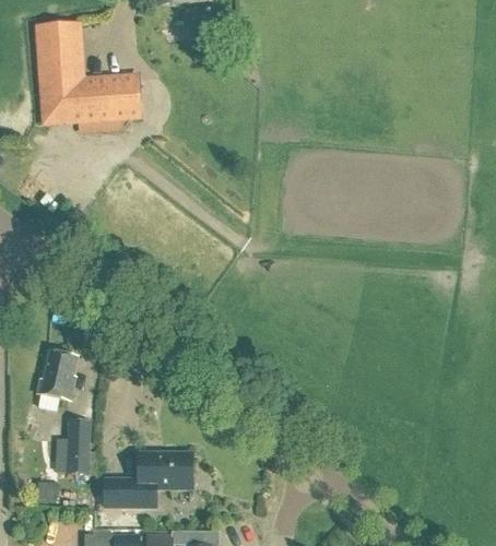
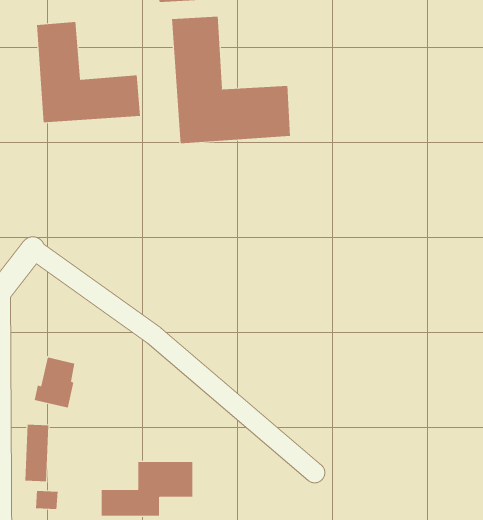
building: none -> [171,16,291,144]
building: [66,417,90,474] -> [25,424,49,482]

